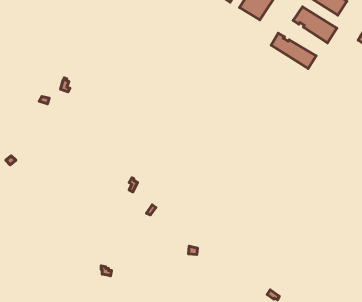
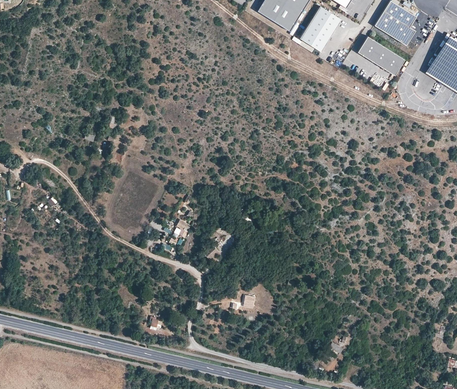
building: [271,33,316,68] -> none

